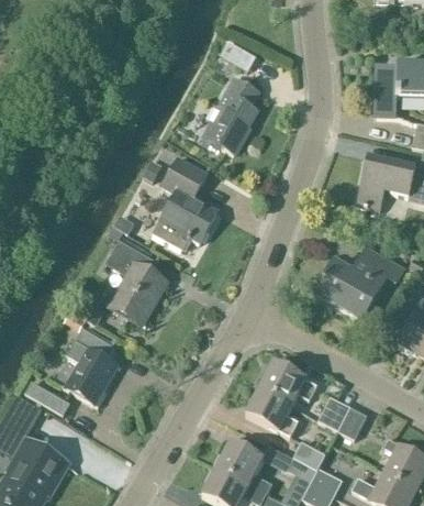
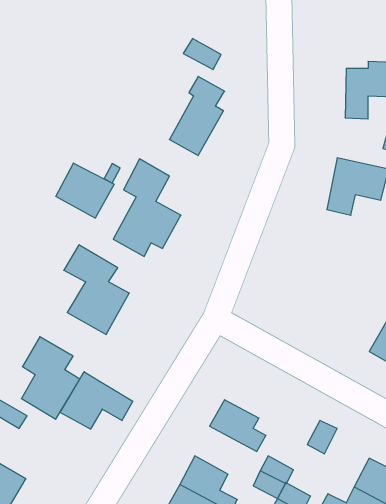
building: none -> [56,163,114,218]
building: [315,248,404,321] -> none
building: none -> [60,372,133,429]
building: [259,362,317,405] -> none
building: [319,396,350,430] -> none

